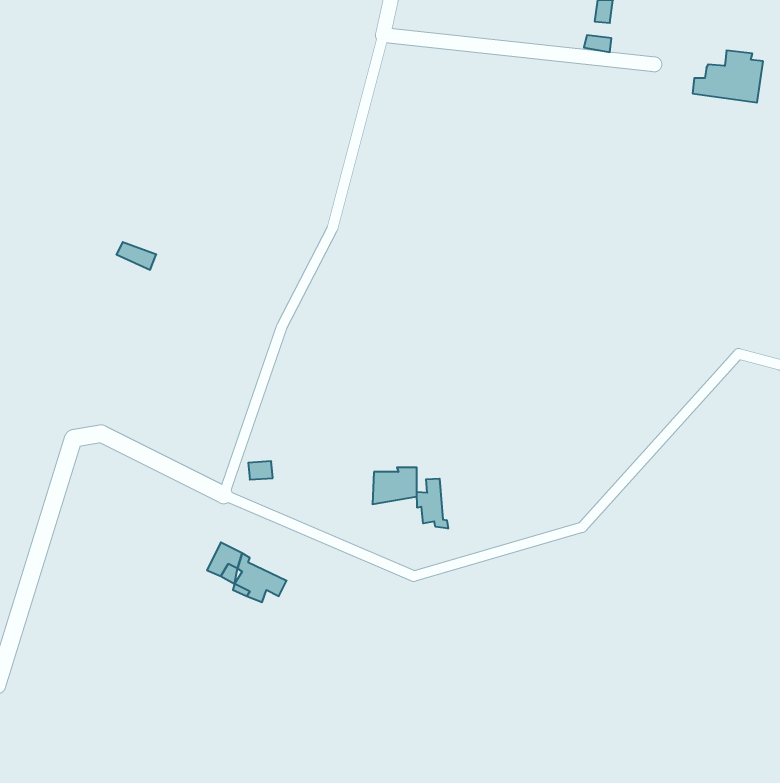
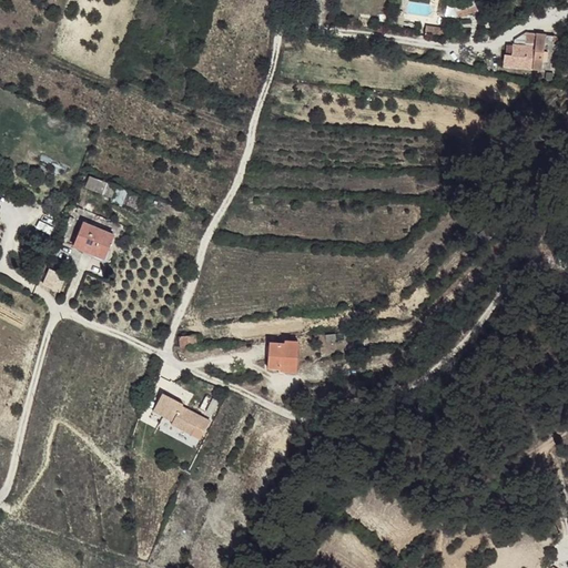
building: none -> [73,221,113,256]
building: [417,479,448,529] -> none

